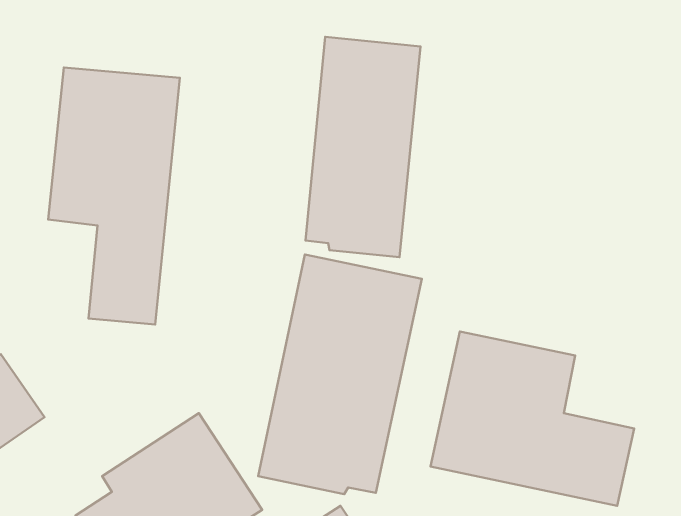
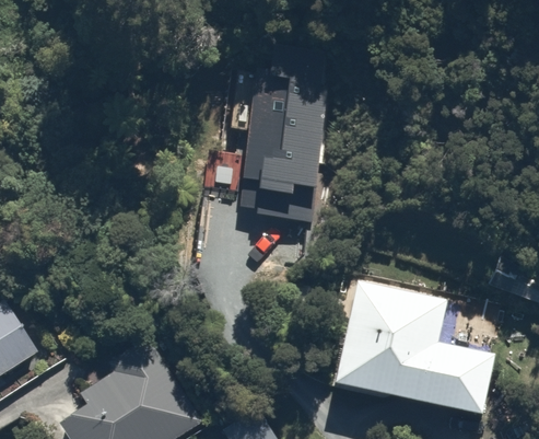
building: [48,68,180,324] -> none
building: [258,255,422,494] -> none

